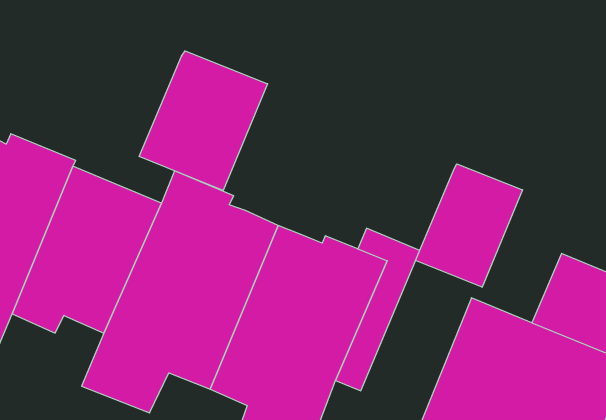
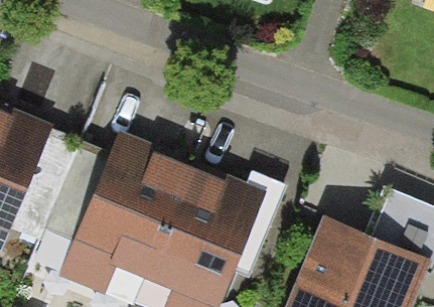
building: [139,51,268,190] -> none
building: [416,164,523,287] -> none

